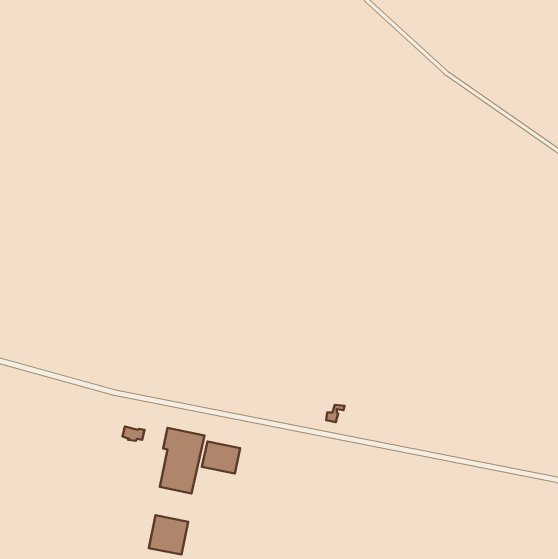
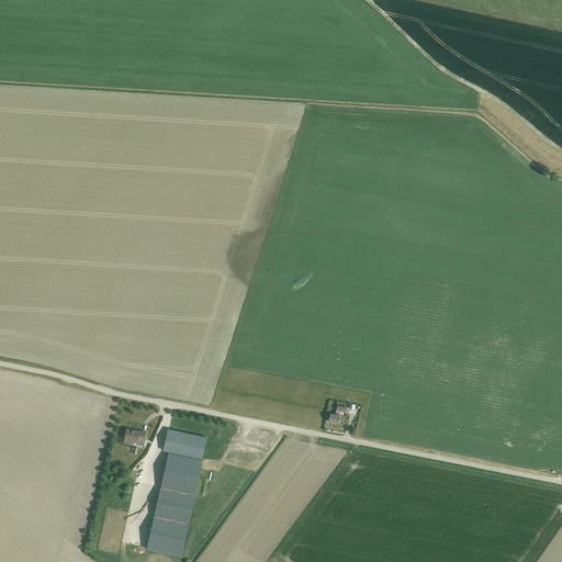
building: [202,442,240,473] -> [154,490,192,521]

